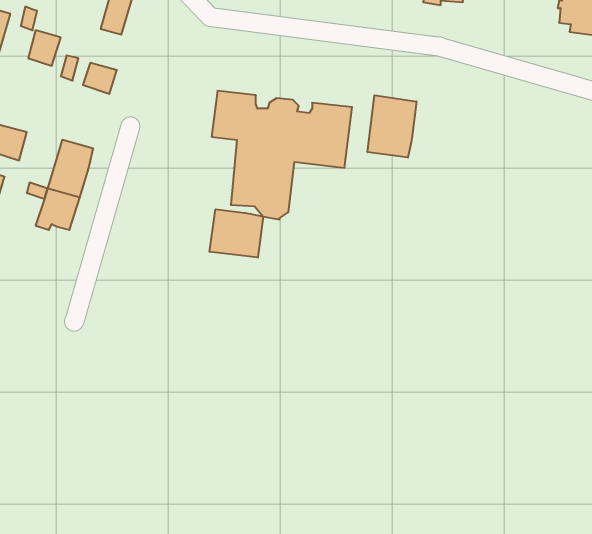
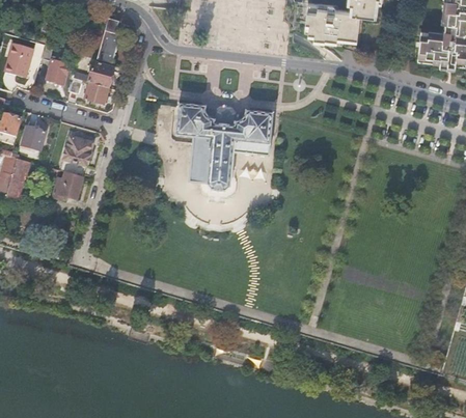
building: none -> [88,61,114,87]
building: [368,95,416,158] -> none
building: [210,209,263,258] -> none

